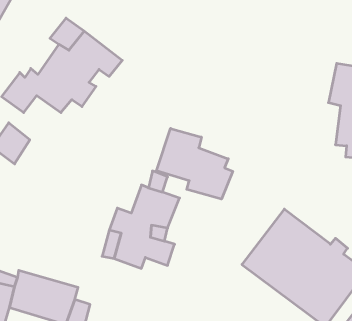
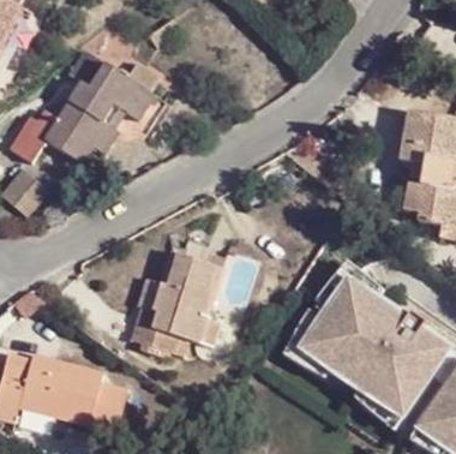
building: [156,128,233,199] -> none

